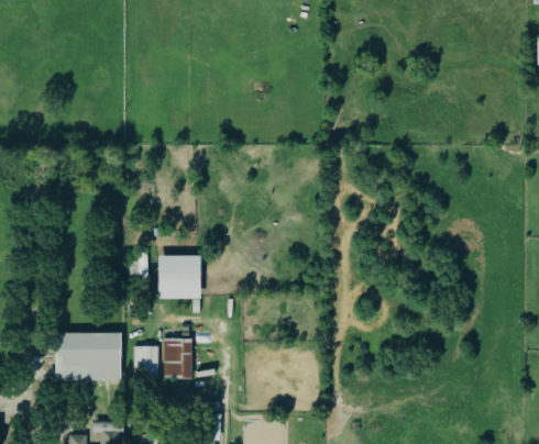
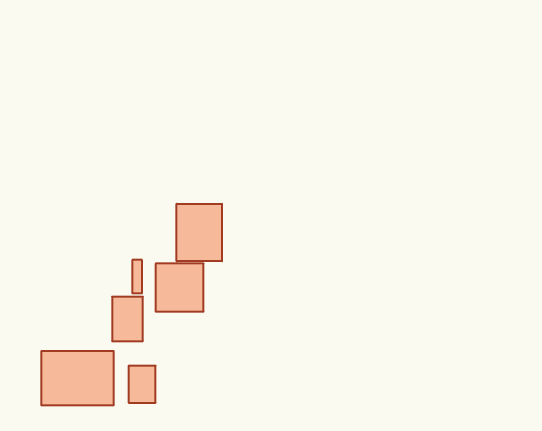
building: none -> [177,204,222,261]
building: [164,338,191,378] -> [112,297,143,341]

